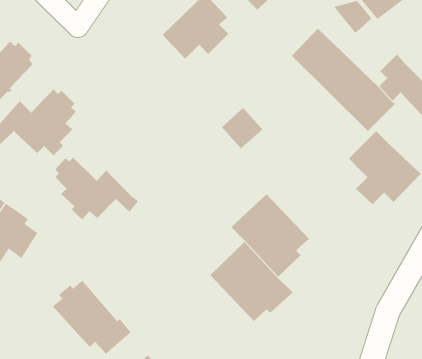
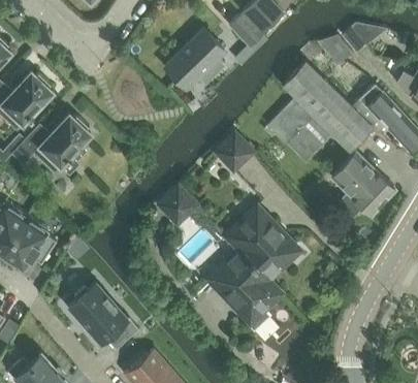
building: none -> [264,100,327,162]
building: [54,157,139,220] -> none
building: none -> [160,183,198,220]

